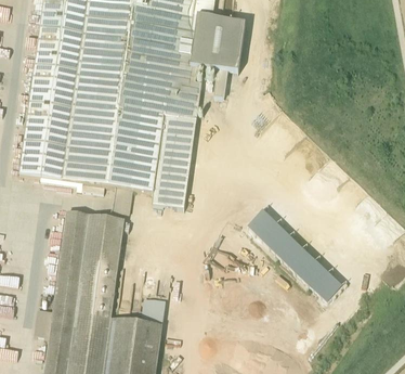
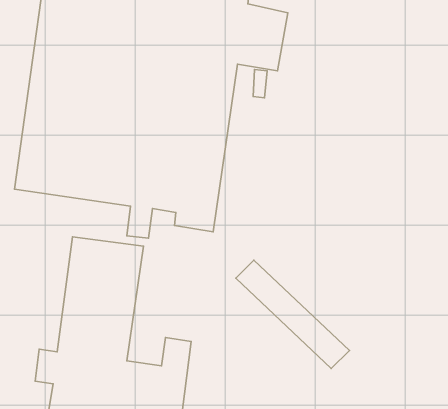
building: [249,210,344,301] -> [236,260,349,368]

